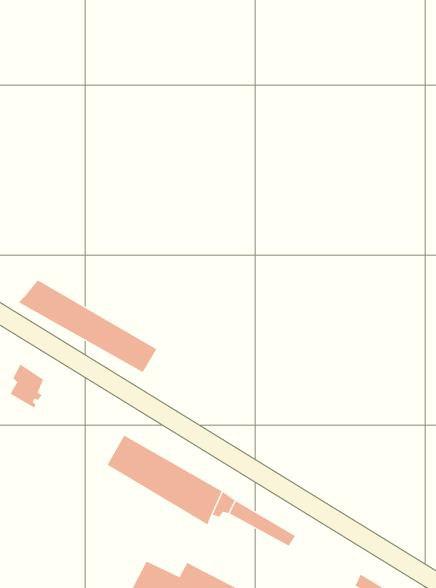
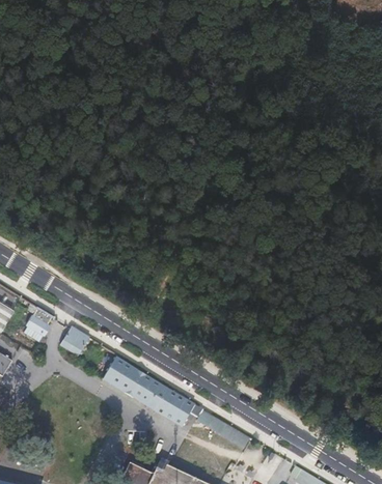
building: [18,280,157,373] -> none
building: none -> [57,325,89,359]

